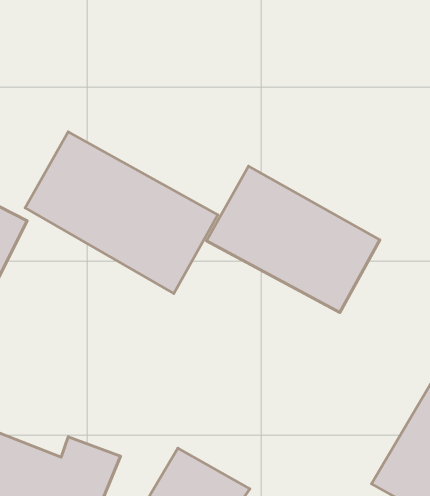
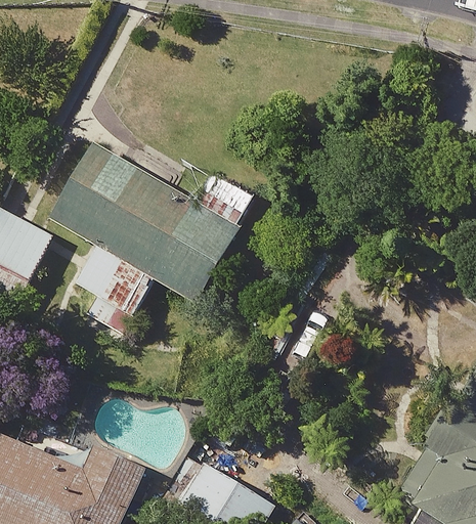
building: [207,166,380,312] -> none

